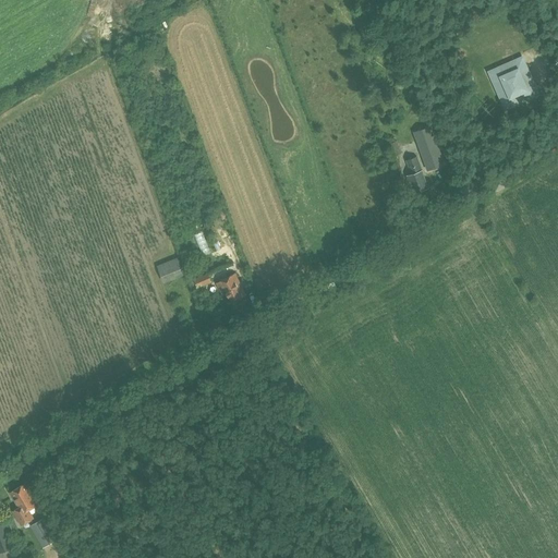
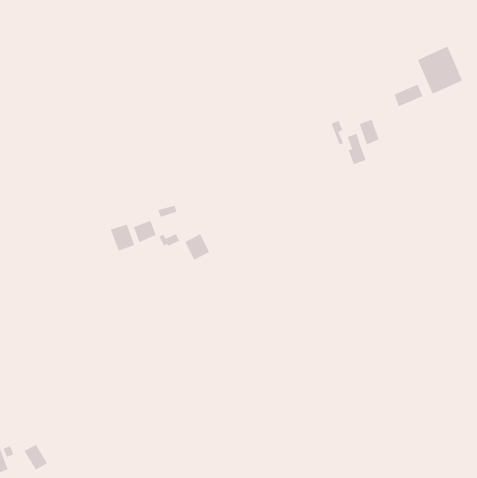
building: none -> [394,84,423,107]
building: none -> [110,224,135,252]
building: [9,482,36,524] -> none

